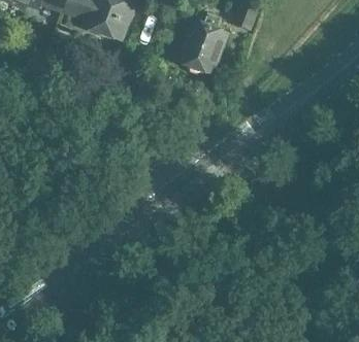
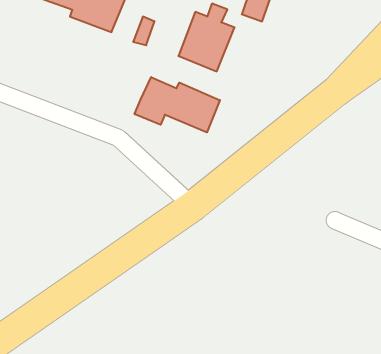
building: none -> [135,77,220,132]

